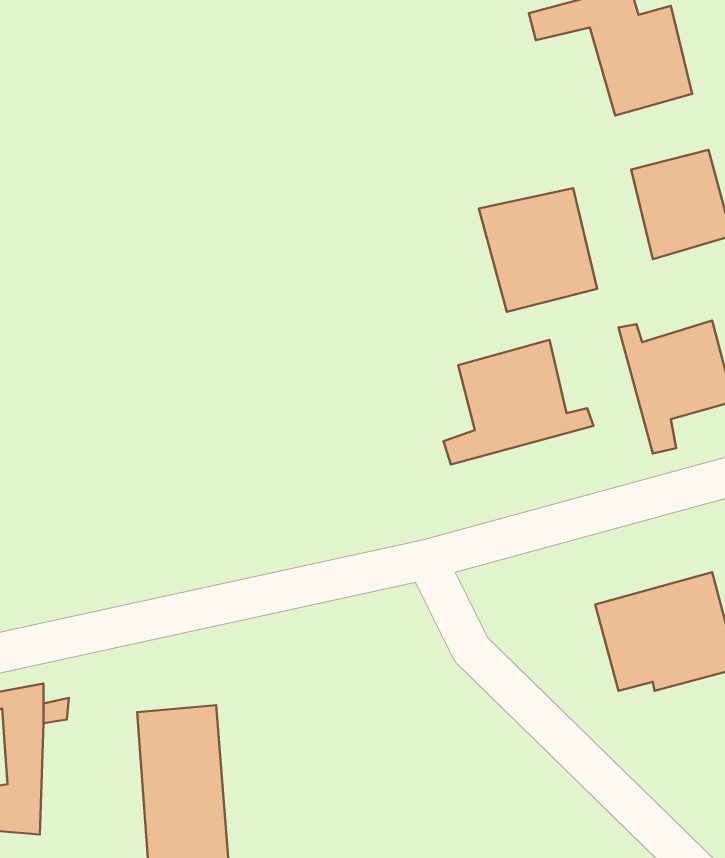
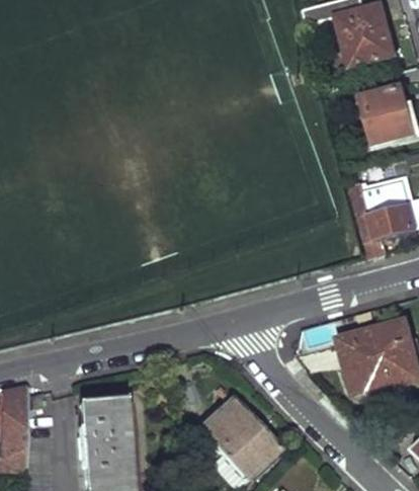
building: [479,188,597,312] -> none
building: [443,340,594,465] -> none
building: none -> [198,396,278,477]

